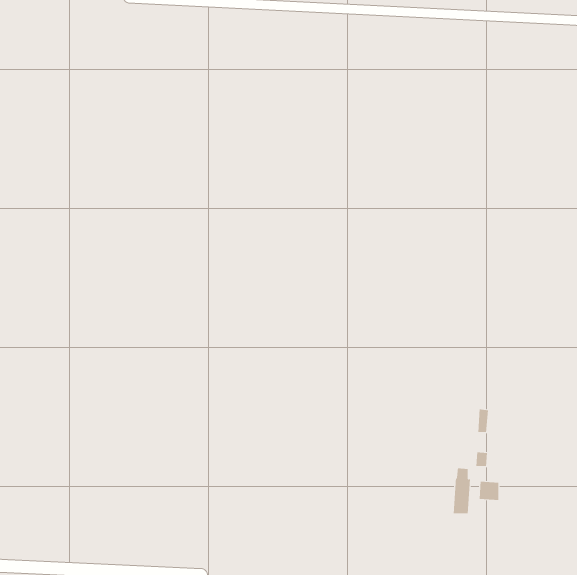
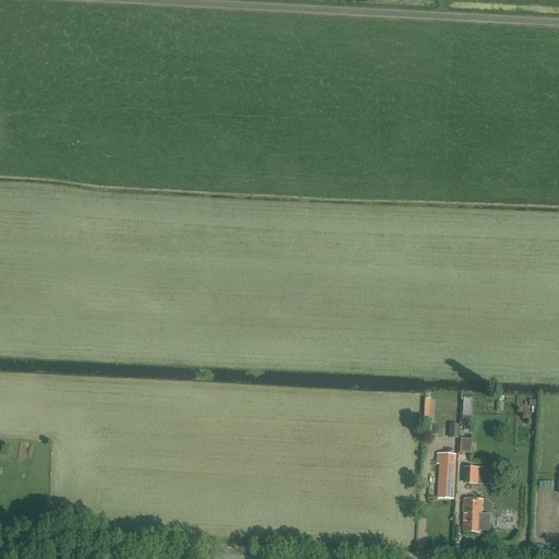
building: none -> [463,498,481,532]

